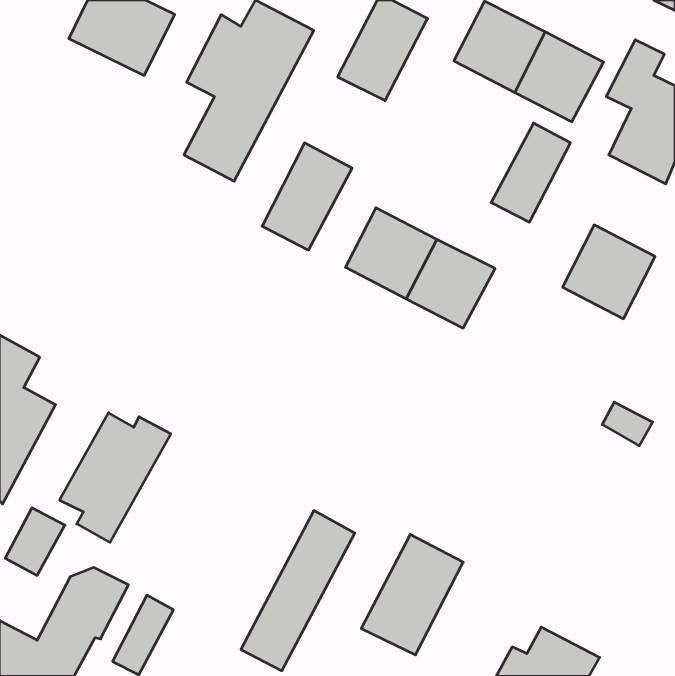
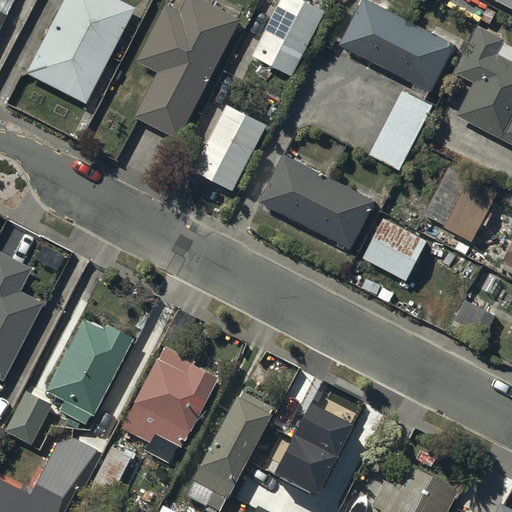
building: none -> [29,29,109,104]
building: none -> [365,223,426,282]
building: none -> [122,348,213,462]

